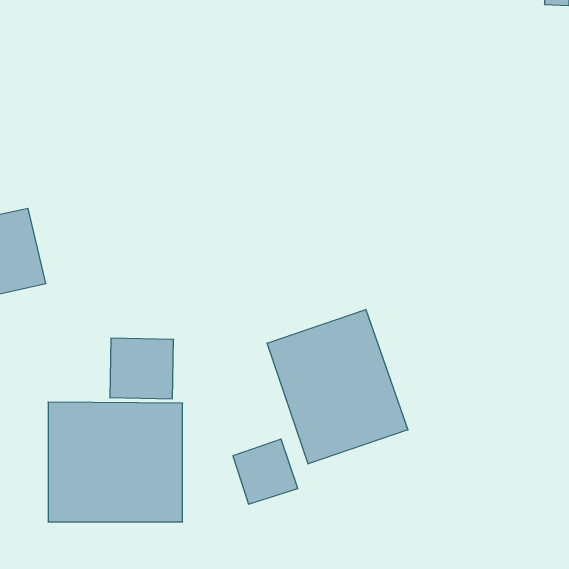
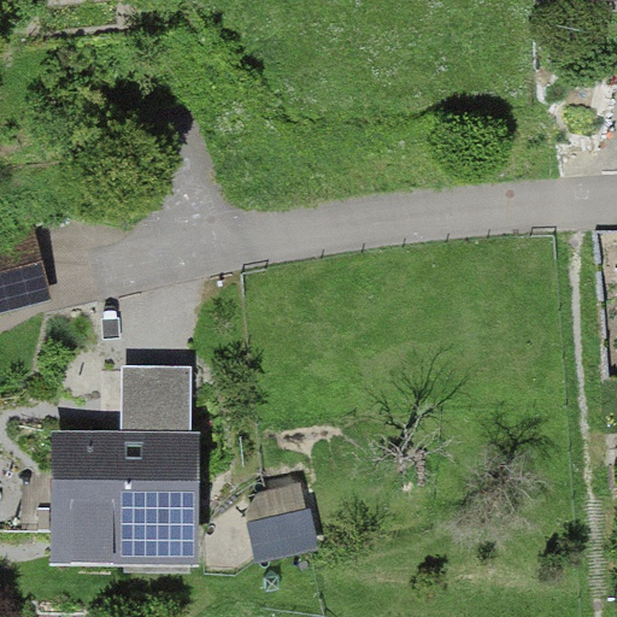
building: [267,309,408,464] -> none

